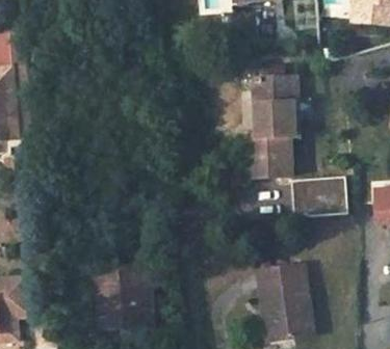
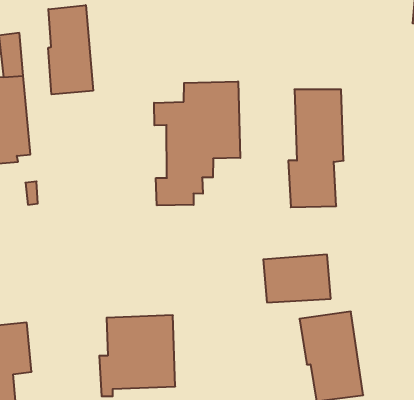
building: none -> [48,5,93,94]
building: none -> [154,81,240,205]
building: [289,177,346,217] -> [263,255,331,302]

